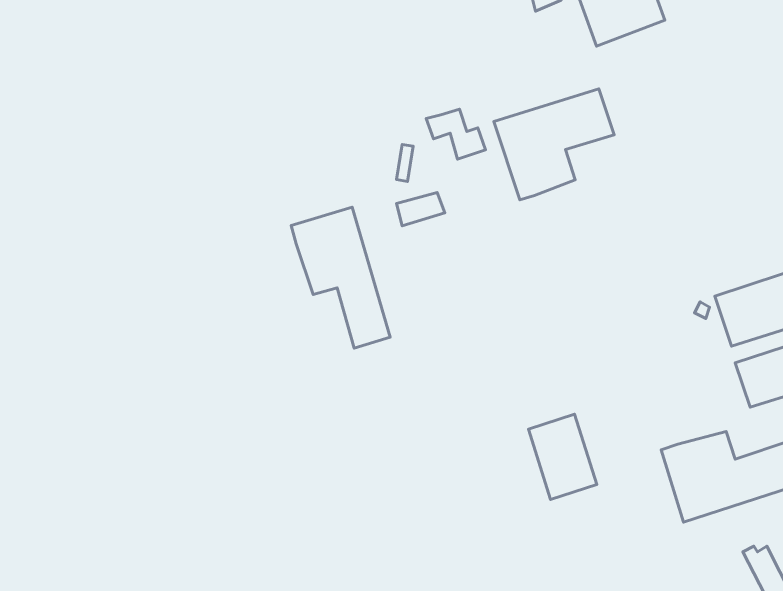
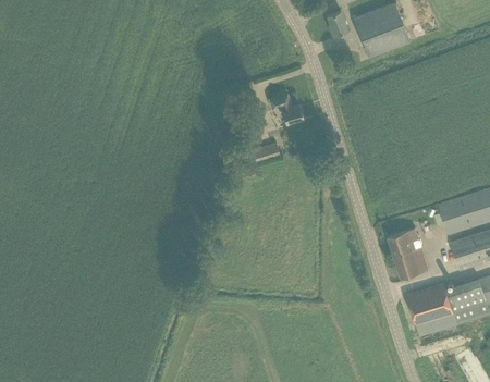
building: [494,89,614,200] -> none
building: [291,207,390,348] -> none
building: [528,414,597,499] -> [388,227,428,278]

